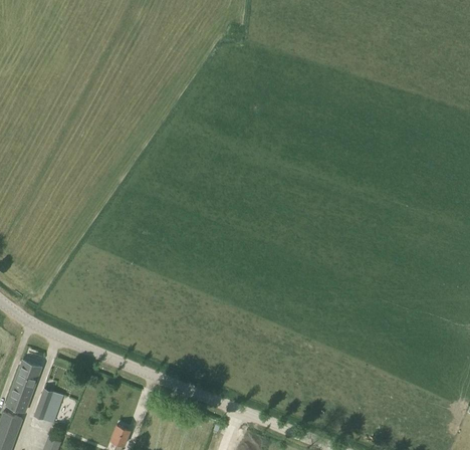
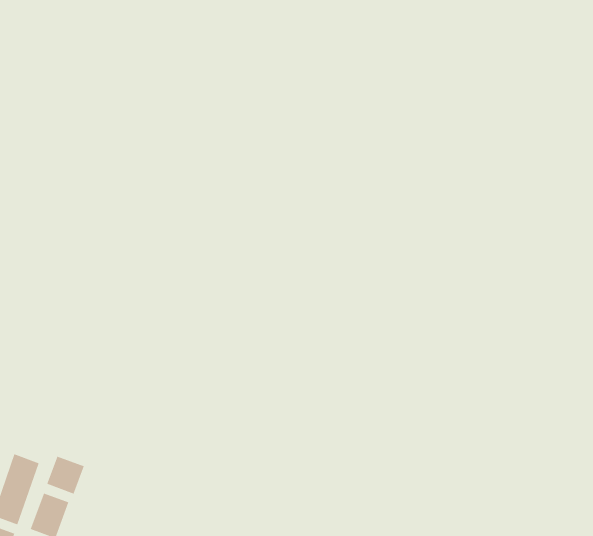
building: none -> [47,456,85,494]

